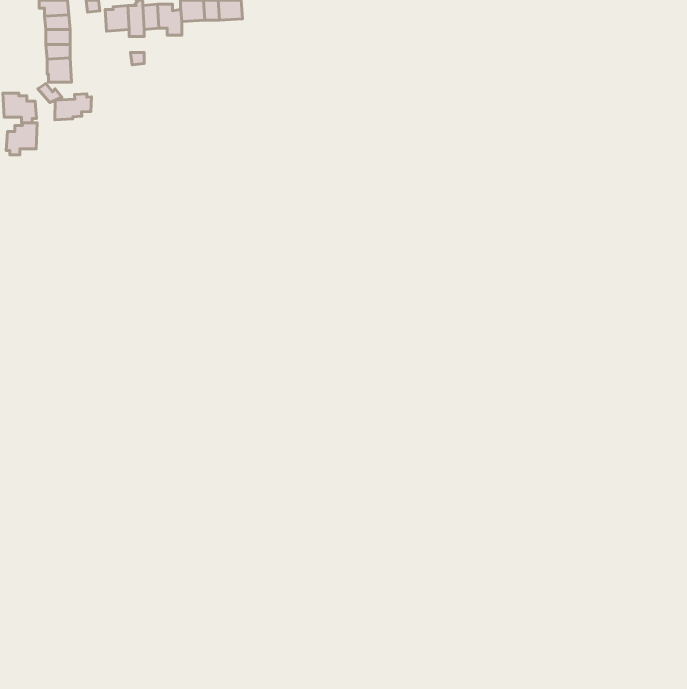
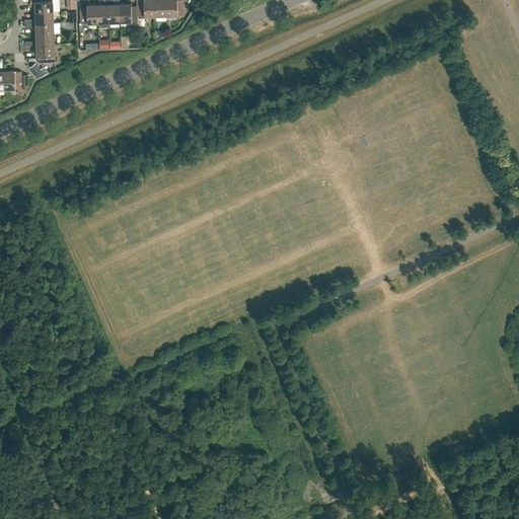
building: [55,94,91,120] -> none
building: [6,123,37,155] -> none

